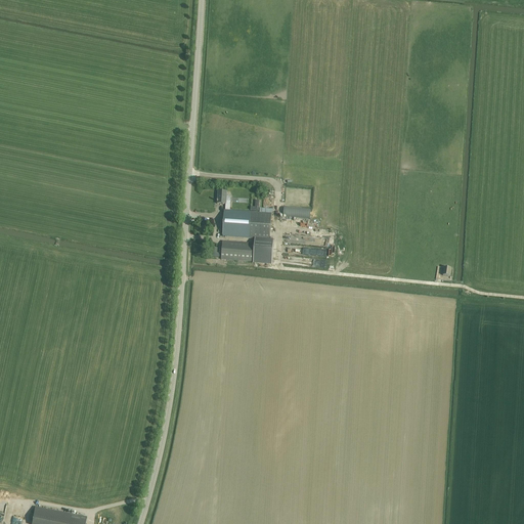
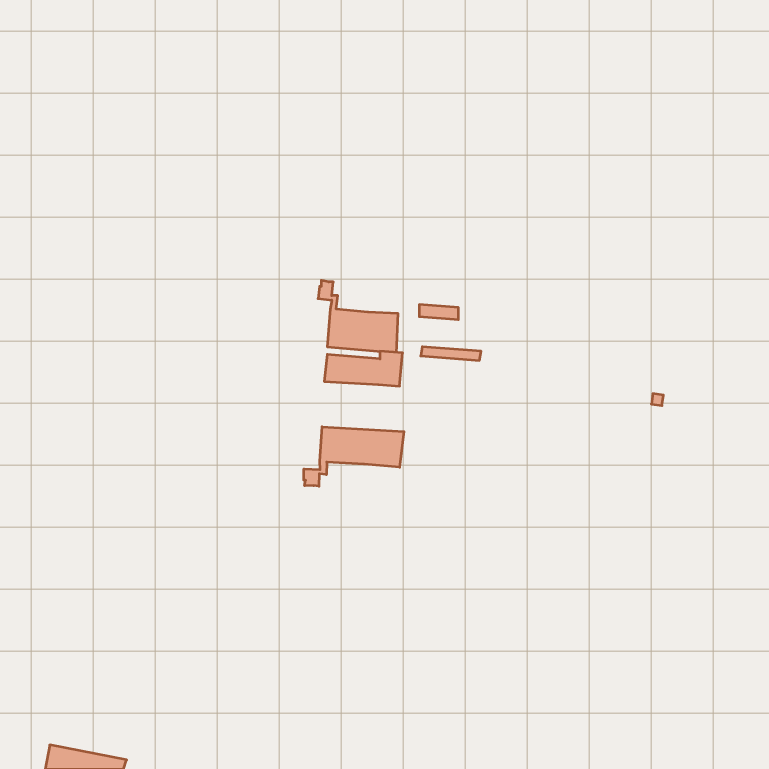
building: none -> [304,427,404,486]

